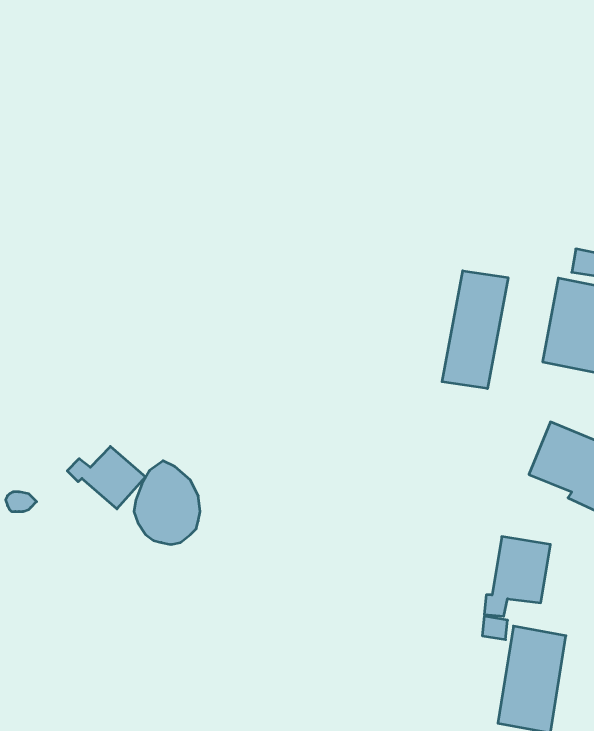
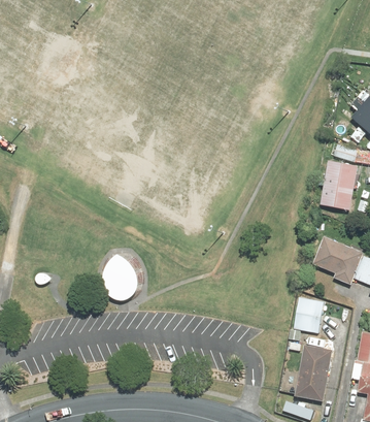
building: [442,271,508,389] -> none
building: [67,446,145,509] -> none

